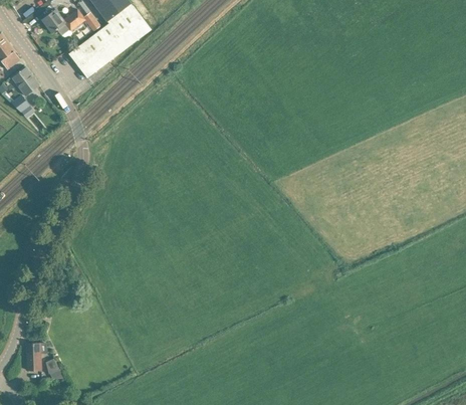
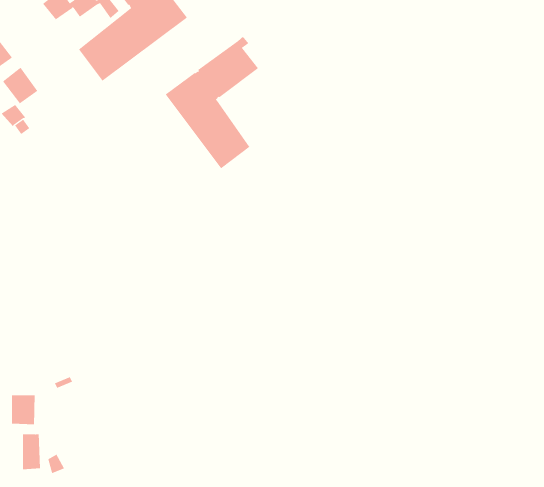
building: none -> [165,36,259,169]
building: none -> [11,394,35,425]

